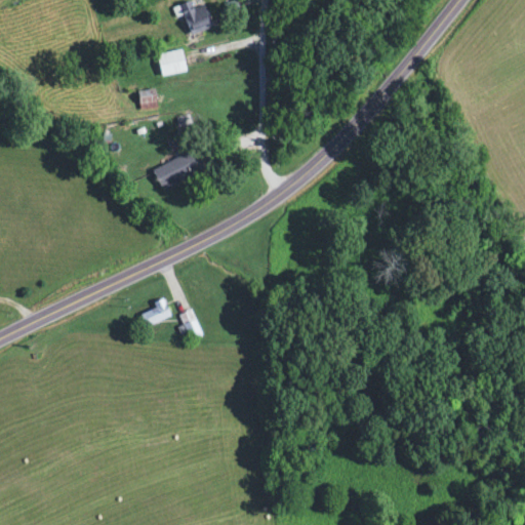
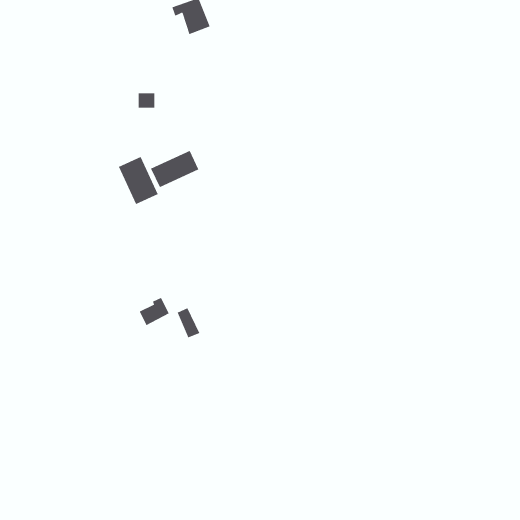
building: [158,49,188,76] -> none
building: none -> [118,156,159,205]

